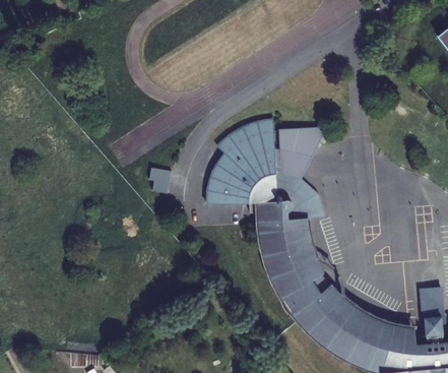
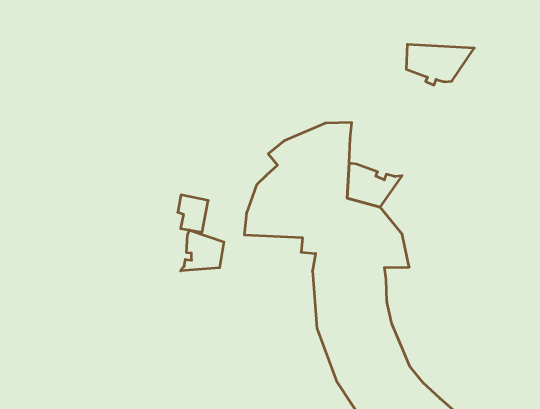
building: [278,128,325,157] -> [406,44,474,85]
building: none -> [181,230,224,271]

